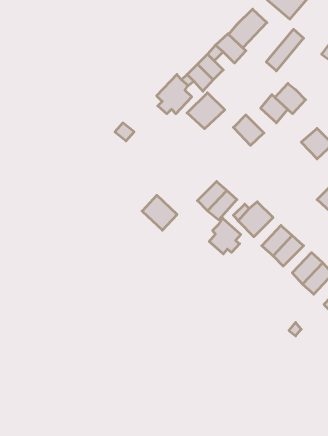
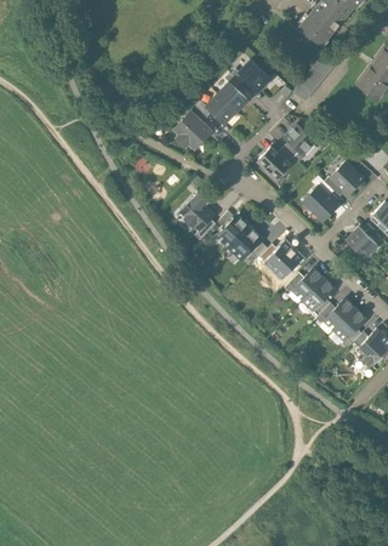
building: [229,9,267,48] -> none
building: [275,83,306,114] -> none
building: [187,93,225,129] -> none
building: none -> [304,186,341,222]
building: [142,195,177,230] -> [177,198,215,235]
building: [209,218,241,254] -> none

